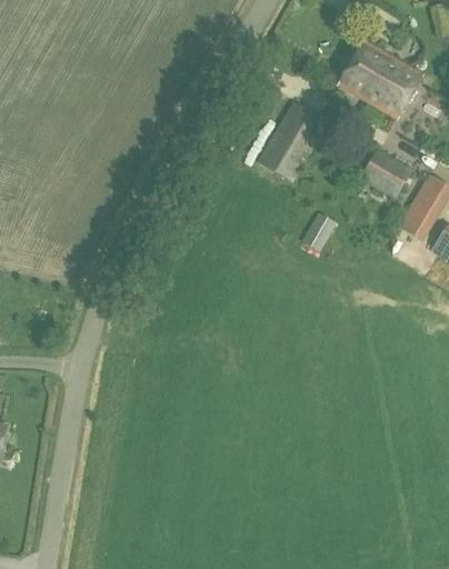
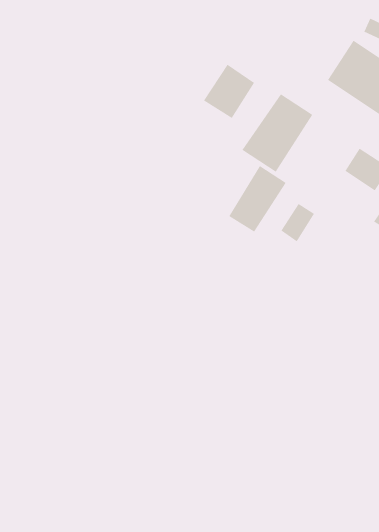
building: none -> [203,64,255,119]
building: none -> [229,165,287,233]

